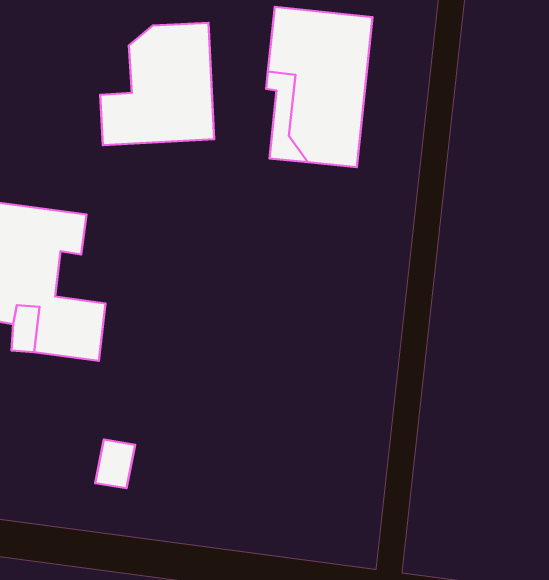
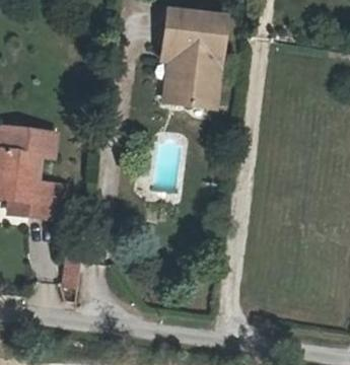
building: [100,23,214,145] -> none

